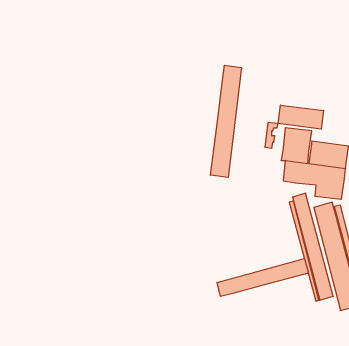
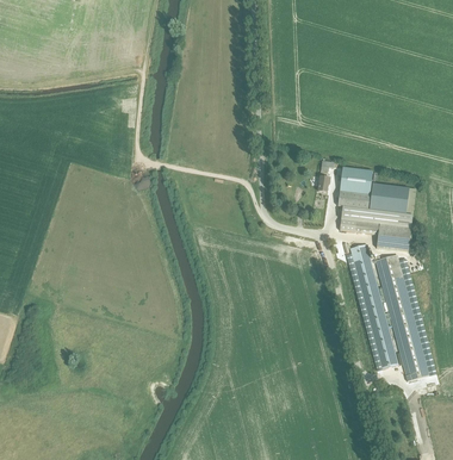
building: [210,65,242,177] -> none
building: [278,105,324,129] -> none
building: [217,259,308,296] -> none

